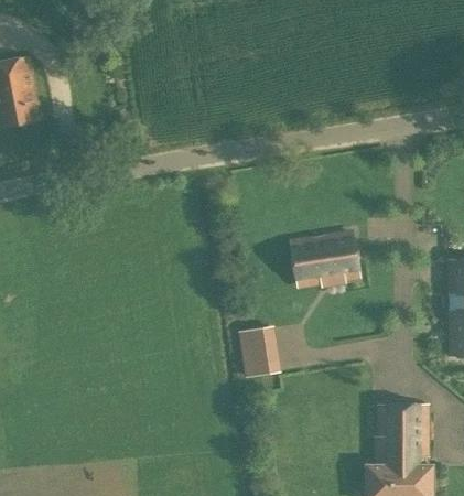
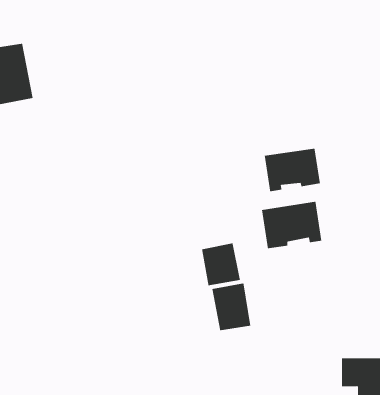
building: none -> [264,148,320,192]
building: none -> [202,242,241,286]

